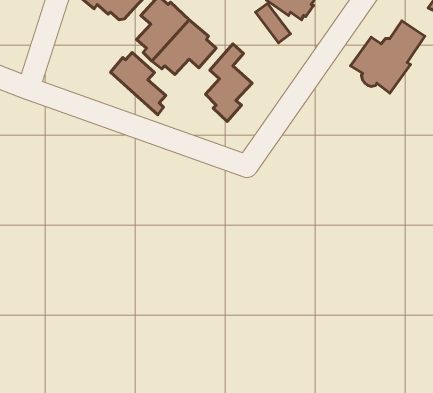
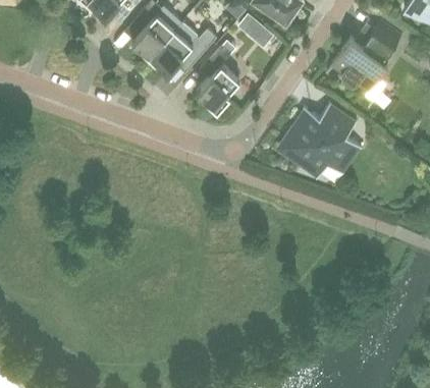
building: [111,52,166,115] -> none
building: none -> [275,103,362,178]

